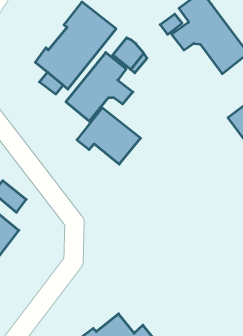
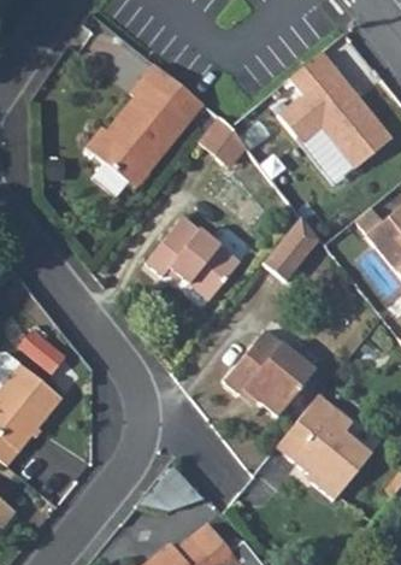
building: [66,52,133,121] -> none
building: none -> [265,213,320,278]
building: none -> [224,332,314,417]
building: none -> [275,396,373,505]

